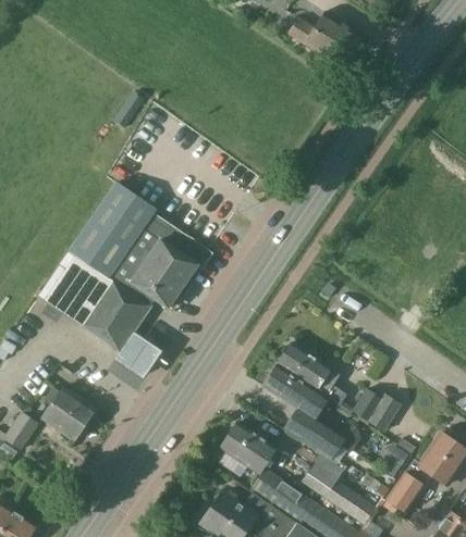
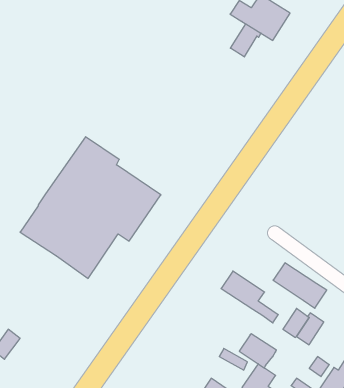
building: none -> [230,24,261,57]
building: [115,332,162,379] -> none
building: [263,363,328,417] -> [273,263,327,308]
building: [41,387,95,439] -> none
building: [221,423,273,472] -> none

